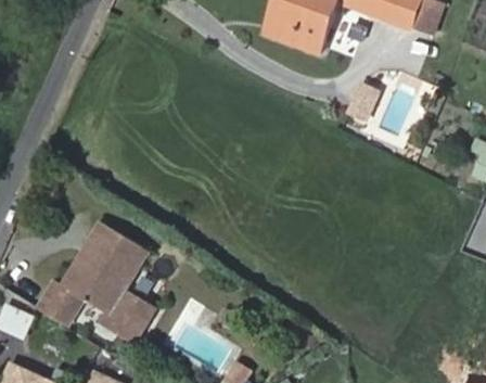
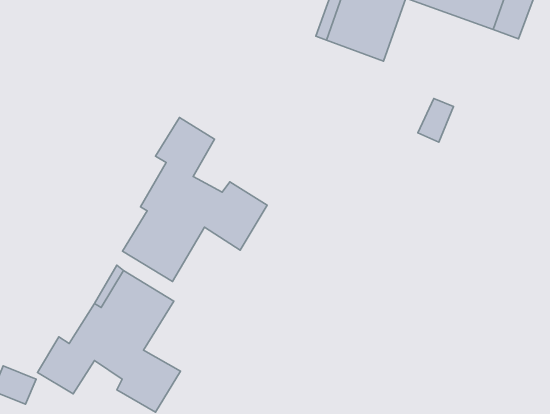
building: none -> [123,118,267,281]

